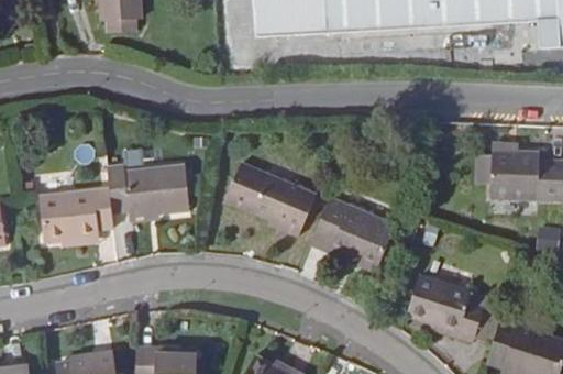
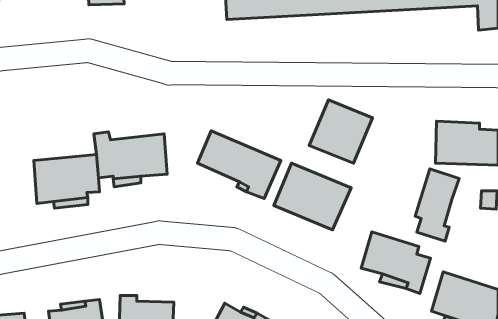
building: none -> [309,100,372,163]
building: none -> [415,169,459,241]

